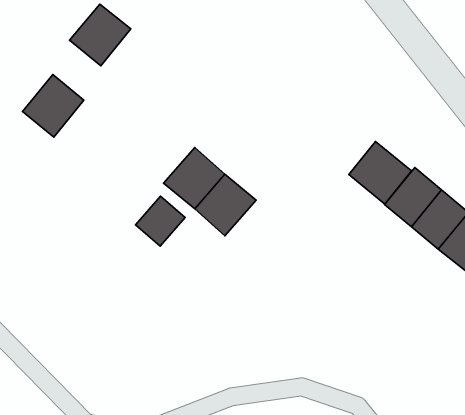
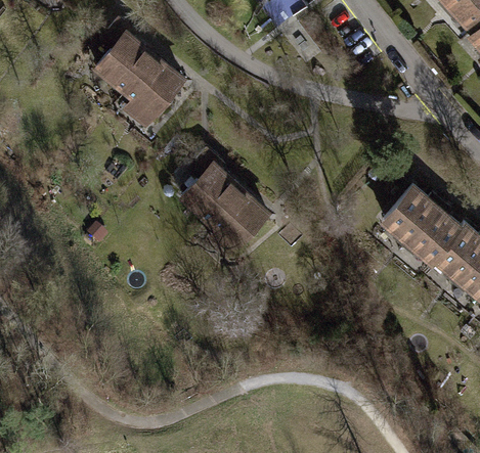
building: [23,75,84,137] -> [124,57,180,115]
building: [349,141,412,204] -> none
building: [136,196,185,246] -> none

